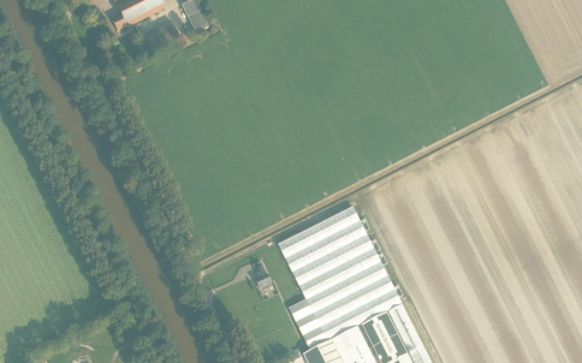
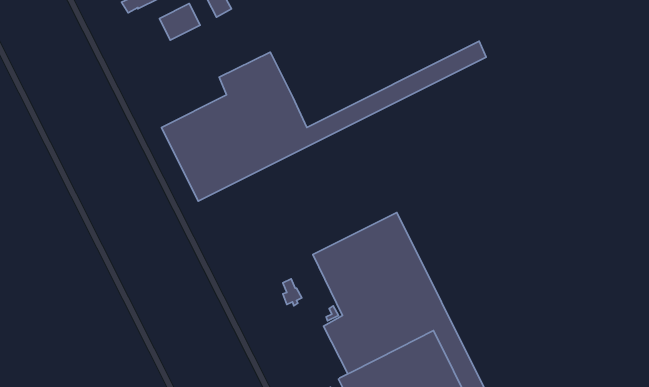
building: none -> [162,41,486,201]

